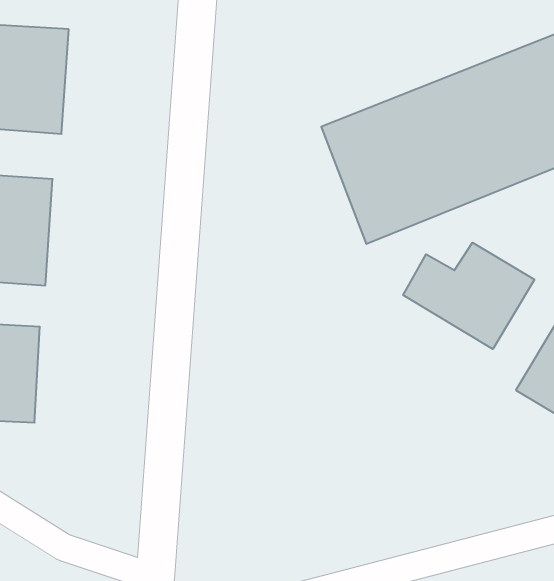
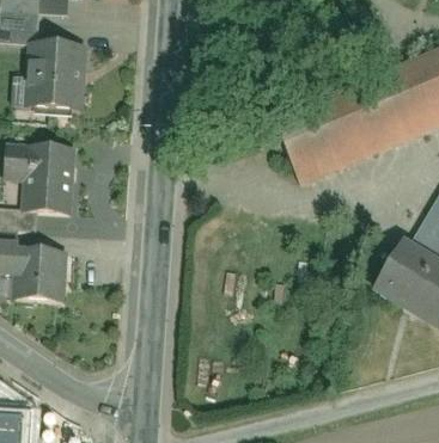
building: [403,243,534,349] -> none

